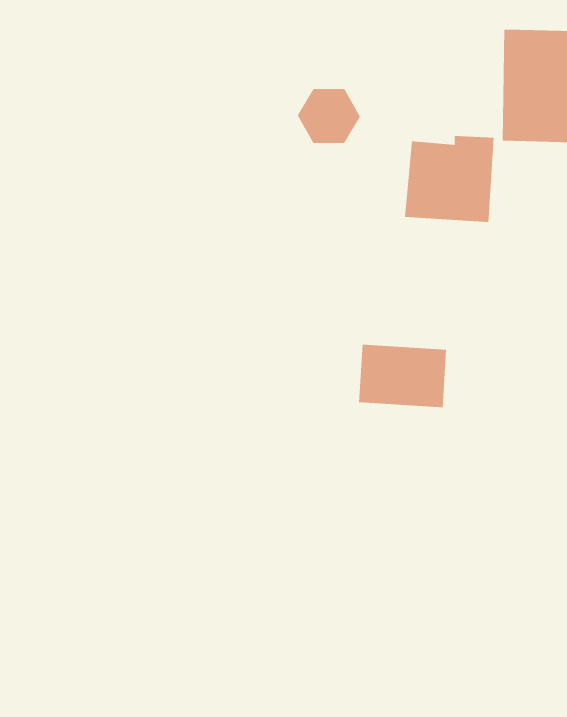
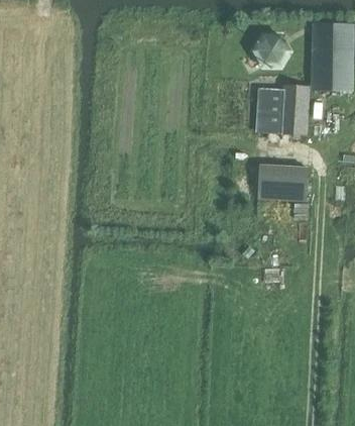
building: [297,88,361,144] -> [253,35,289,67]
building: [358,344,447,408] -> [257,164,308,200]

